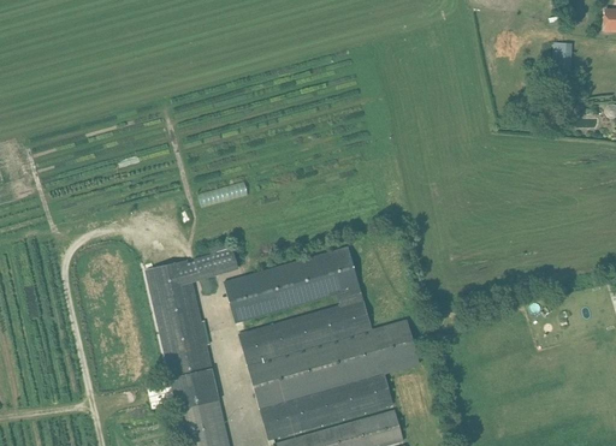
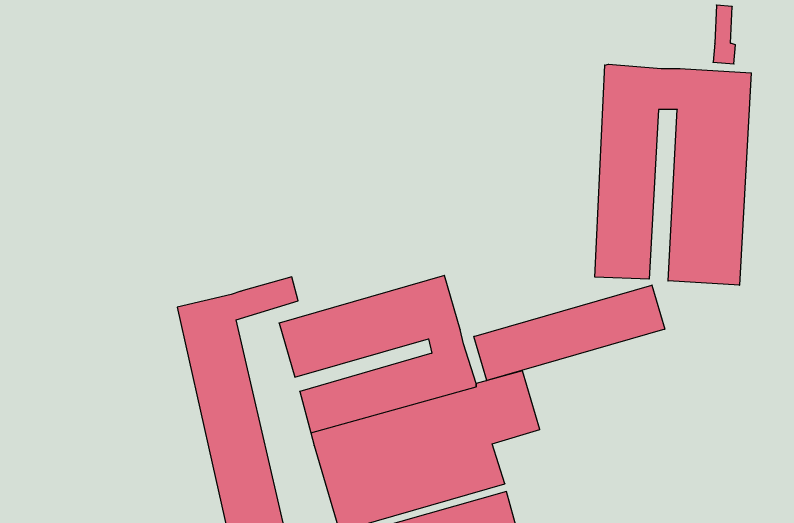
building: none -> [595,64,751,285]
building: none -> [474,285,665,381]

